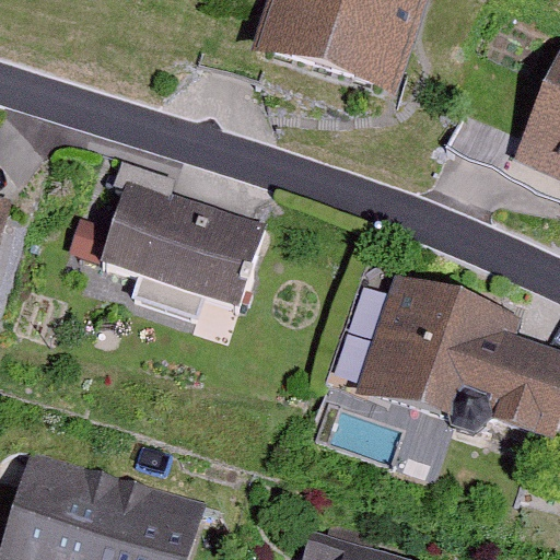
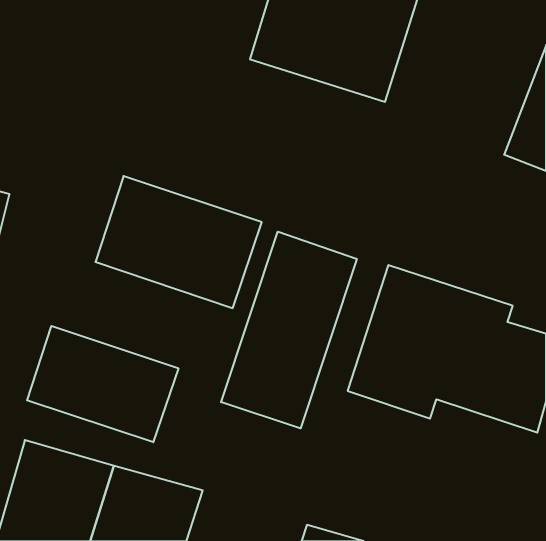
building: none -> [221,232,357,428]
building: none -> [27,326,178,442]

